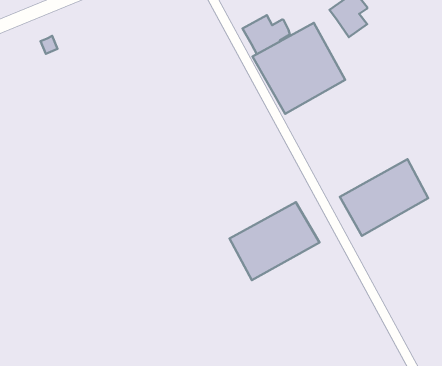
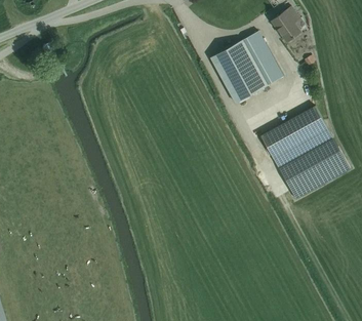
building: [242,15,290,54] -> none
building: [230,202,319,280] -> [262,107,332,168]

